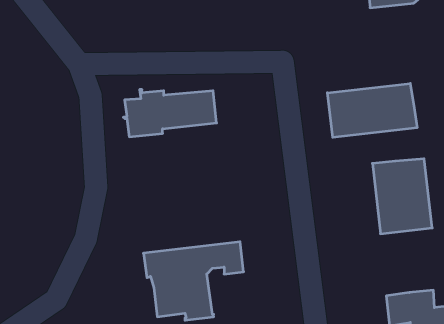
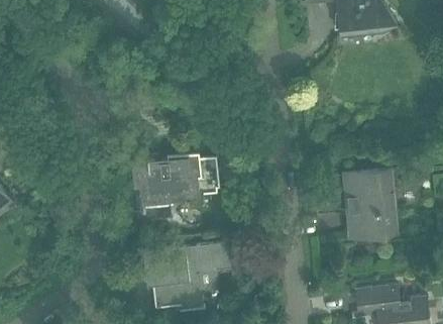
building: [327,83,417,137] -> none
building: [123,90,217,137] -> [132,159,214,201]

